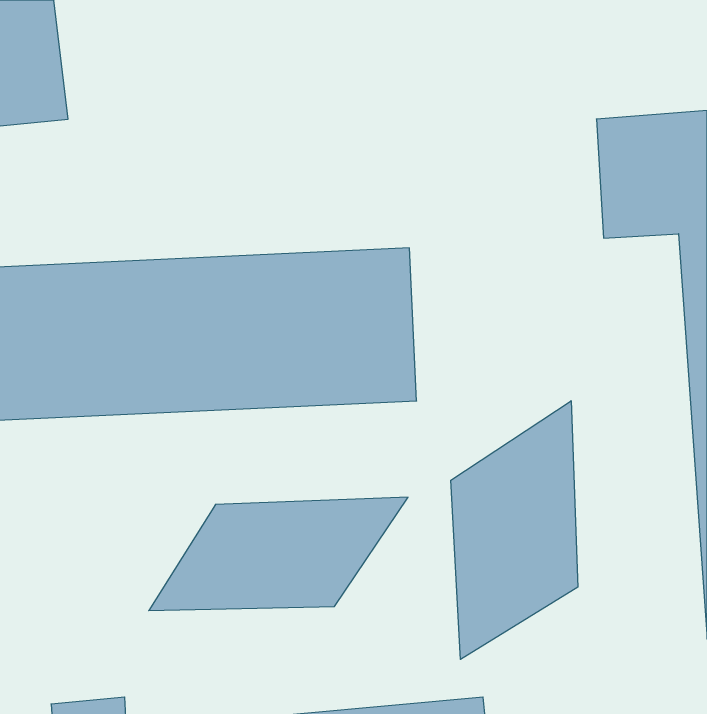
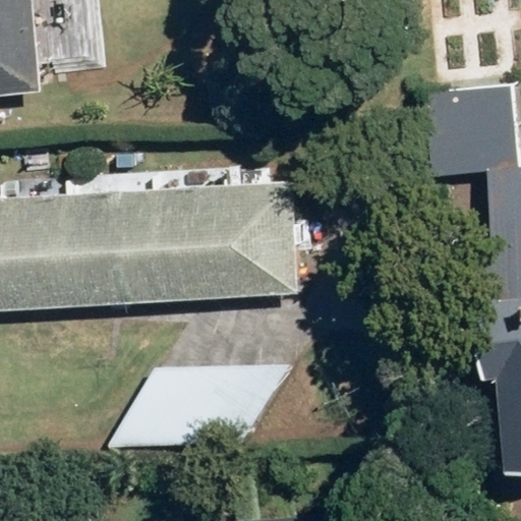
building: [451,401,578,659] -> none

